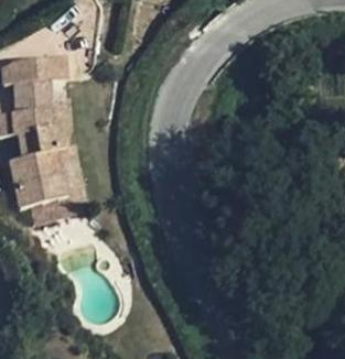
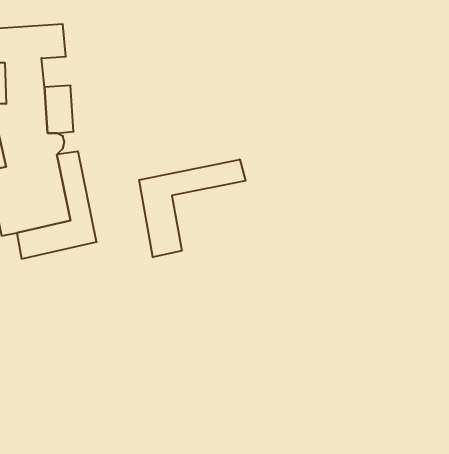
building: none -> [139,159,246,257]

